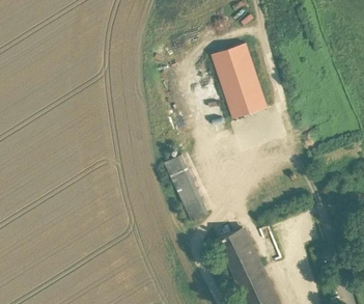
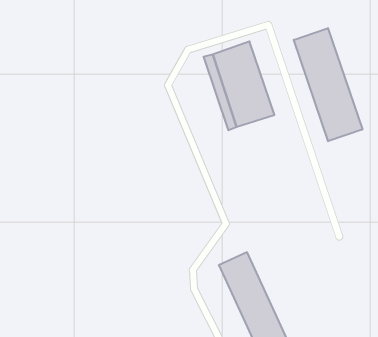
building: none -> [294,28,362,141]
building: [166,154,211,220] -> none

